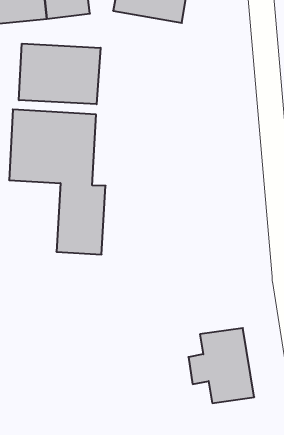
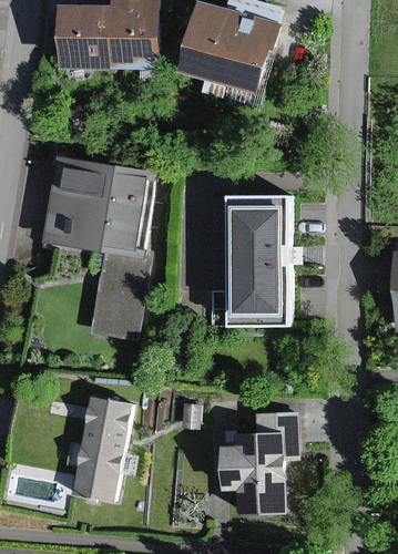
building: [19,44,101,104] -> none
building: none -> [217,191,287,324]
building: none -> [75,403,134,495]

